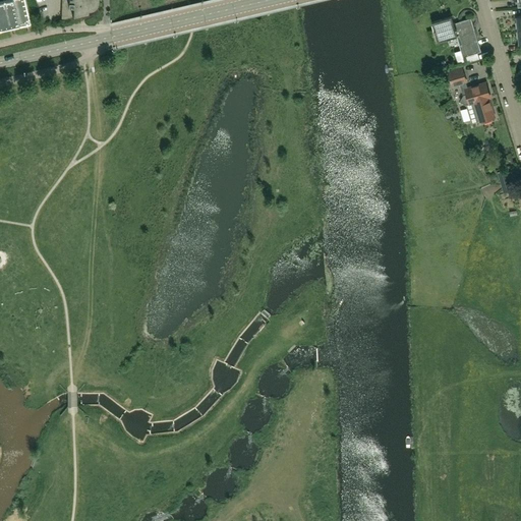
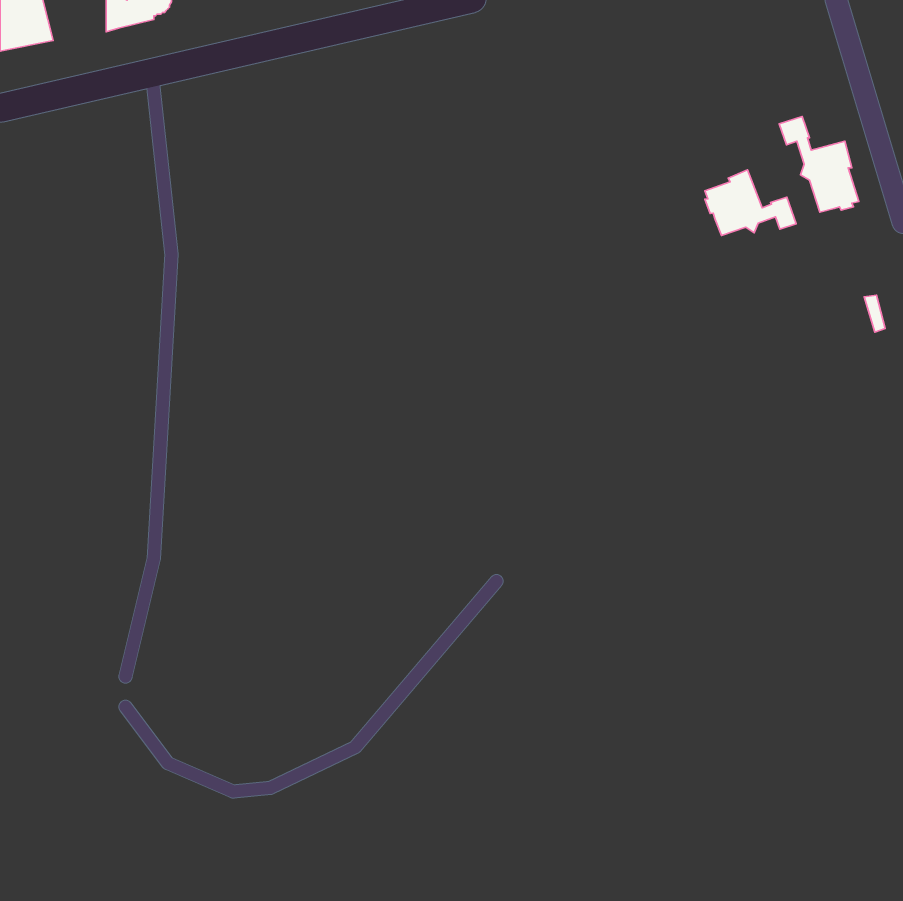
building: [431,15,481,56] -> none
building: none -> [705,170,796,235]

